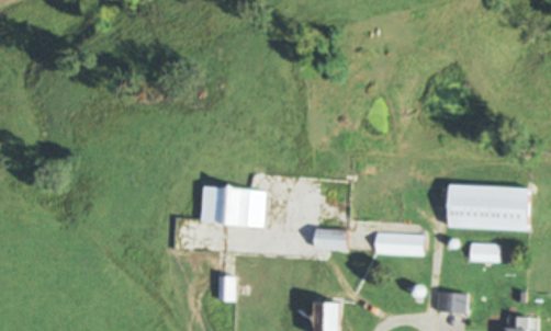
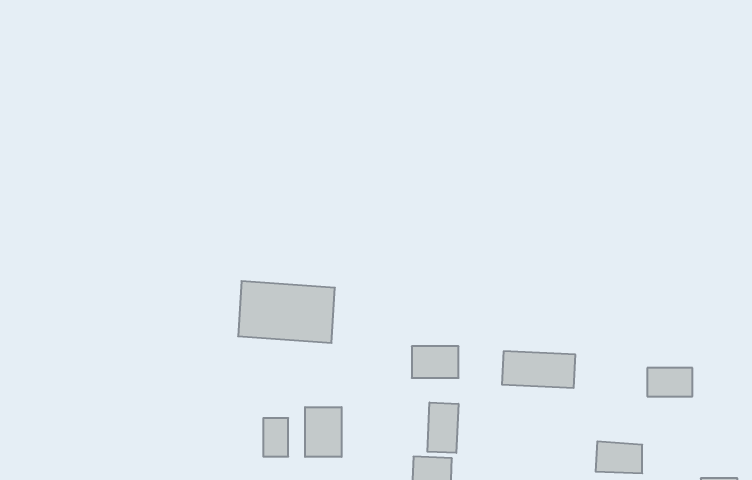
building: [449,186,530,230] -> none
building: none -> [427,402,458,453]
building: none -> [305,407,342,457]

